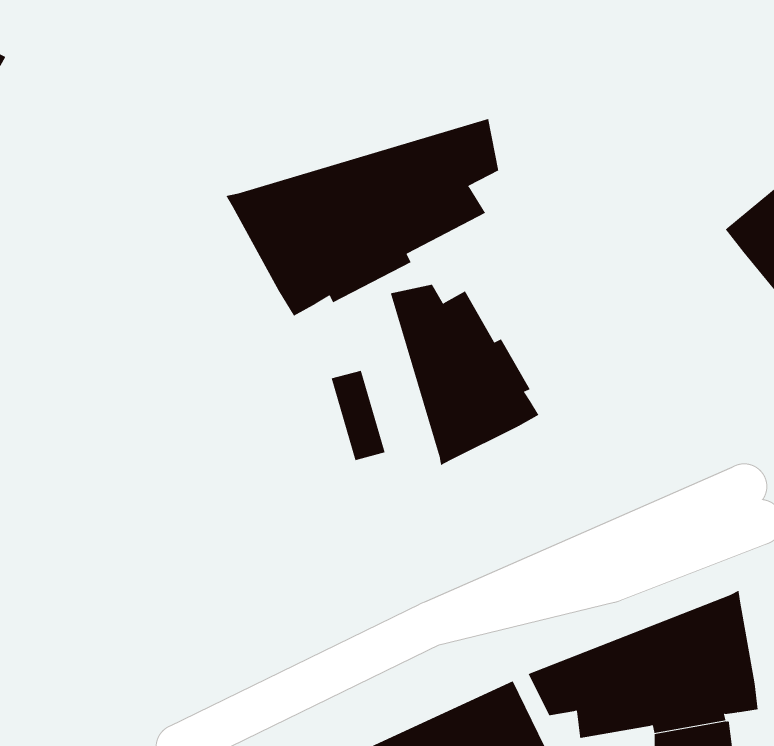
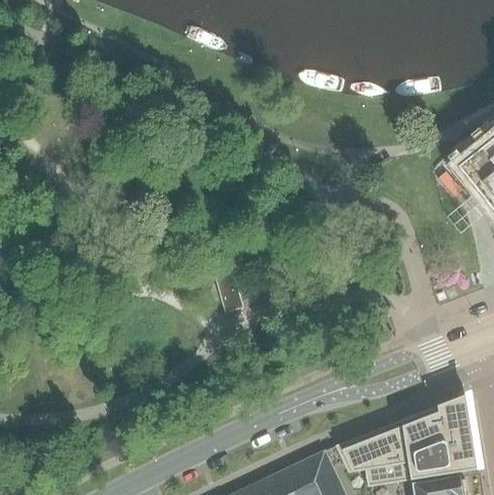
building: [225,118,499,316] -> none
building: [390,284,539,466] -> none

